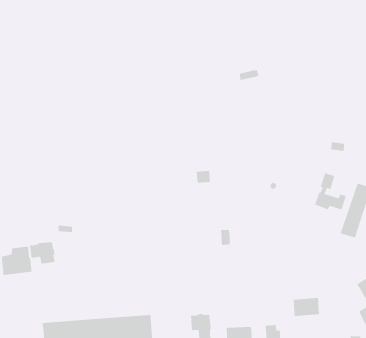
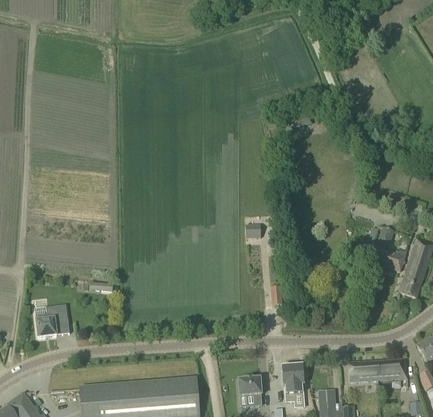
building: [29,242,56,264] -> none
building: none -> [376,358,405,379]
building: none -> [282,365,303,385]

